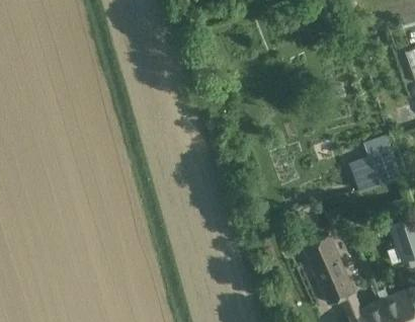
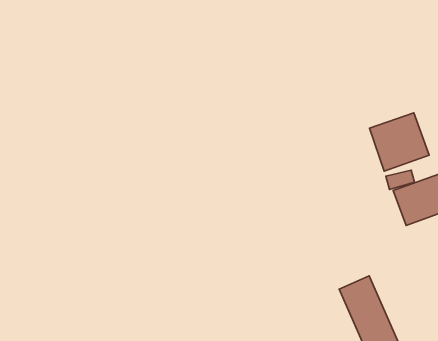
building: none -> [369,113,429,171]

